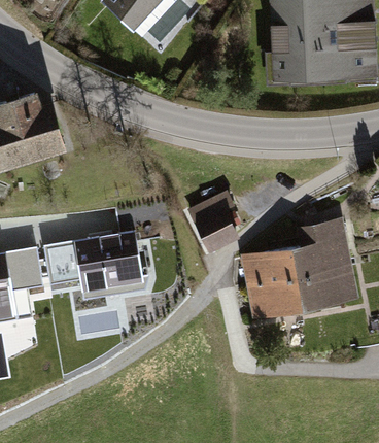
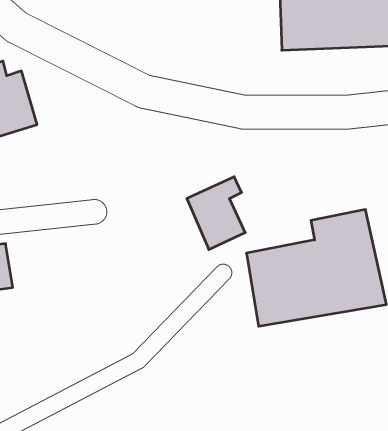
building: [43,230,148,297] -> none

